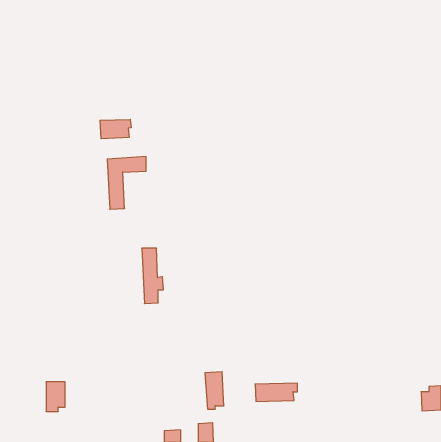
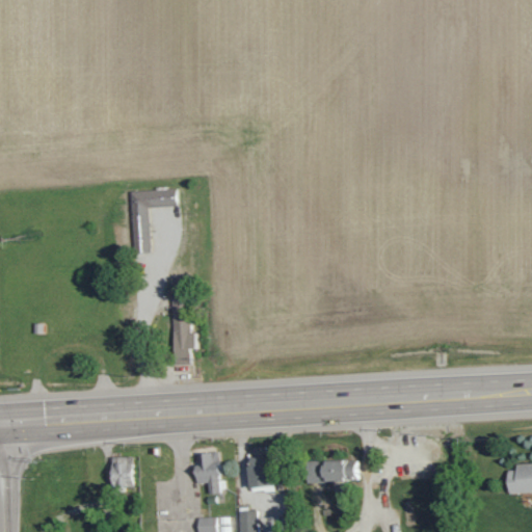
building: [100,119,131,139] -> none
building: none -> [194,452,224,494]
building: [46,382,65,411] -> [110,457,133,493]

